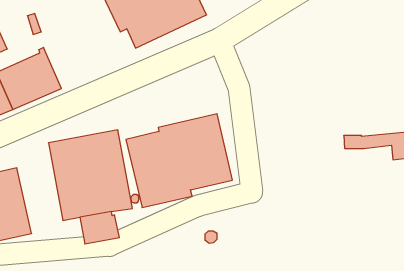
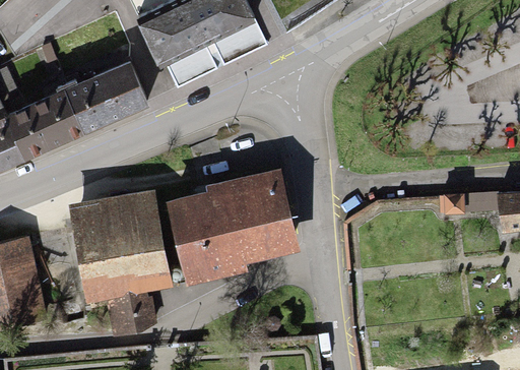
building: none -> [60,58,149,135]

